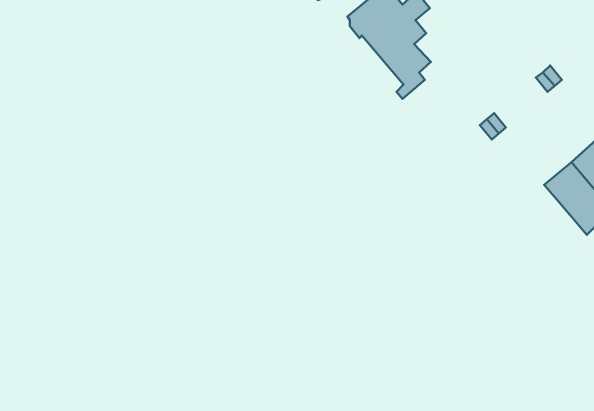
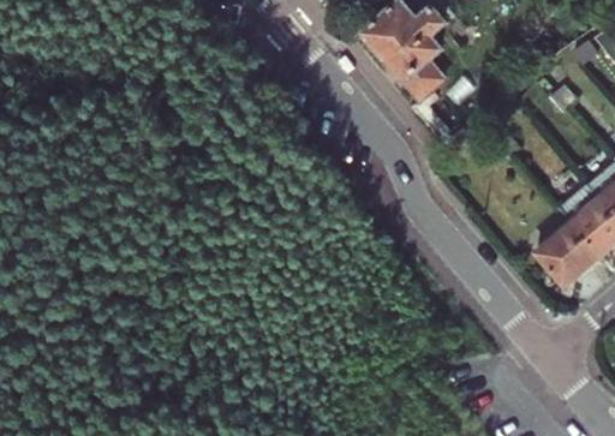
building: none -> [537,217,602,282]

